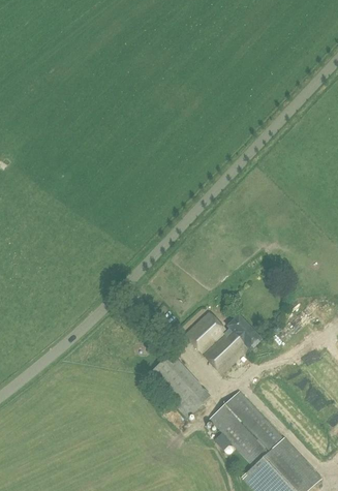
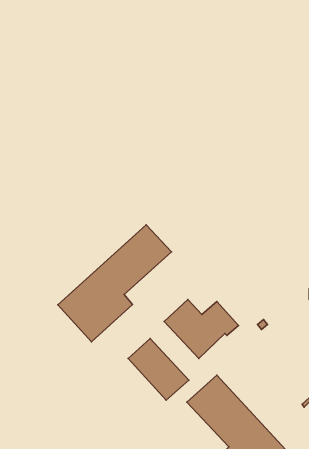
building: none -> [58,225,172,342]

